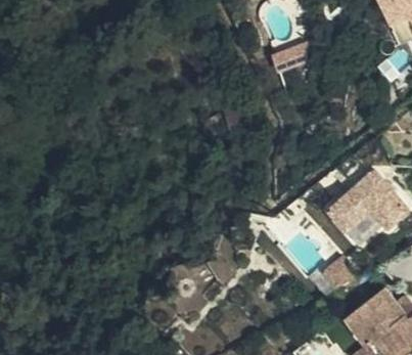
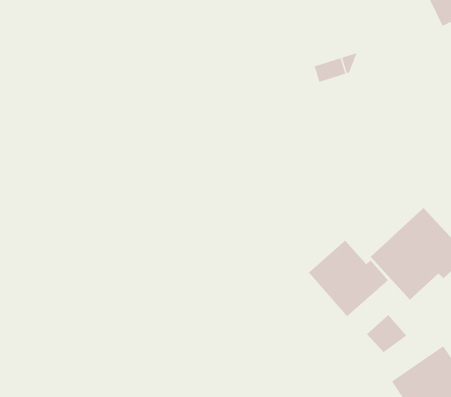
building: none -> [308,240,389,317]

